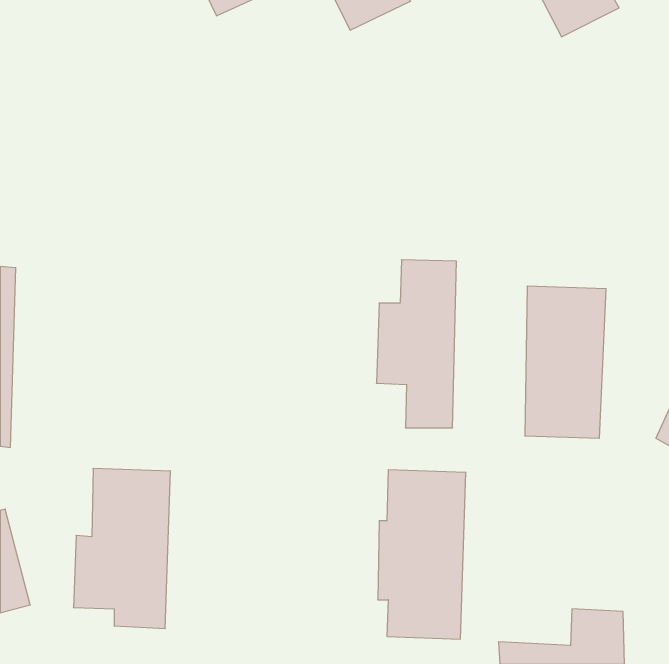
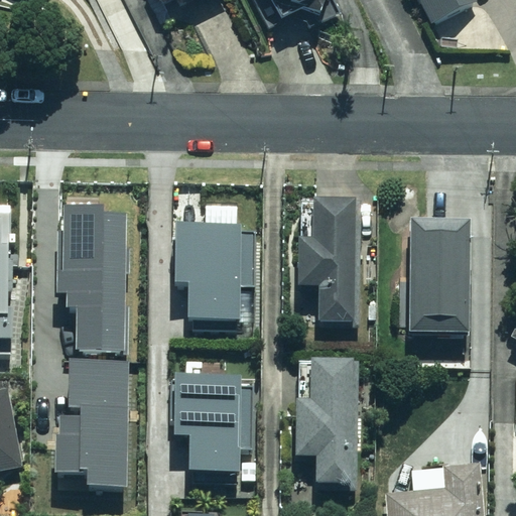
building: none -> [59,201,128,345]
building: none -> [176,222,255,315]
building: none -> [173,373,252,467]

